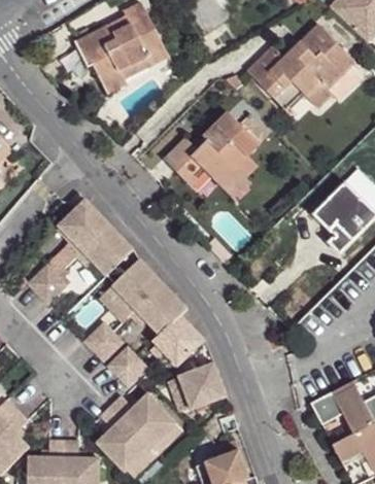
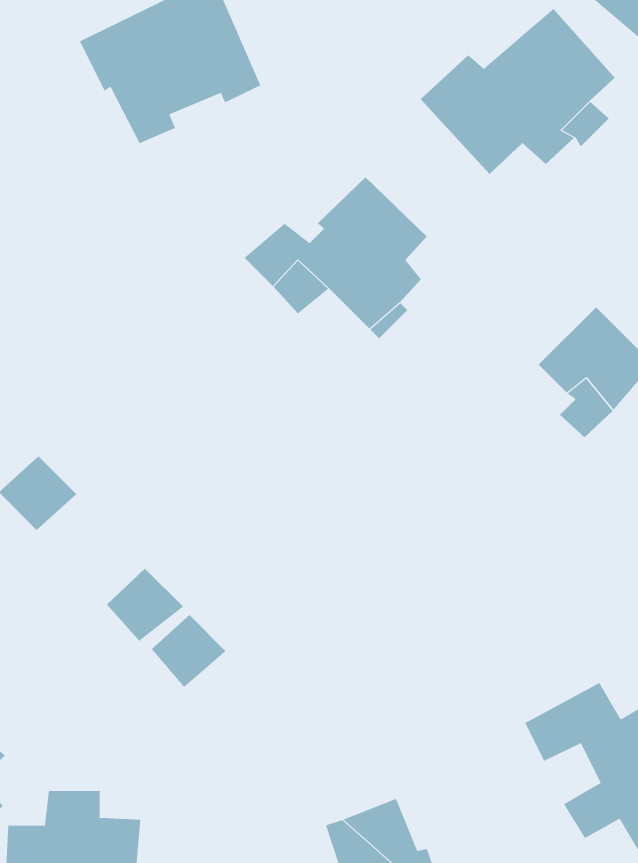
building: [57,197,132,272] -> none
building: [112,260,206,366] -> none
building: [179,362,227,410] -> none
building: [96,394,176,472] -> none

